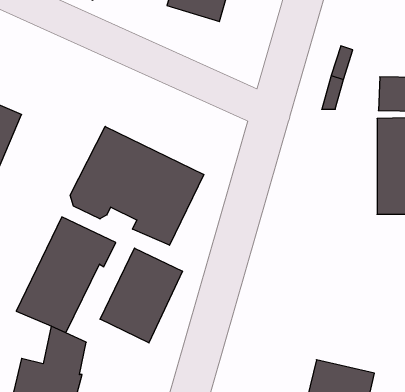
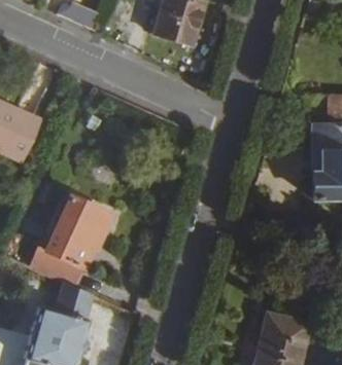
building: [70,126,204,245] -> none
building: [100,248,182,343] -> none

